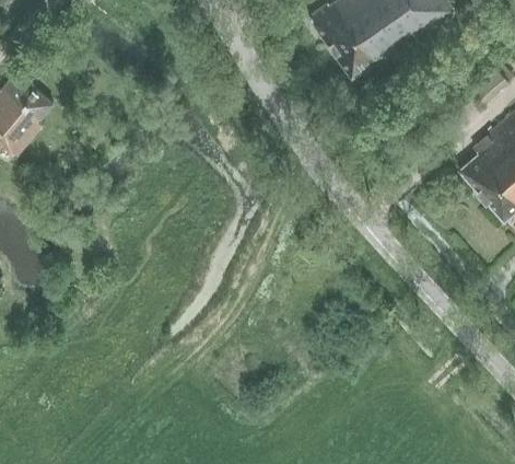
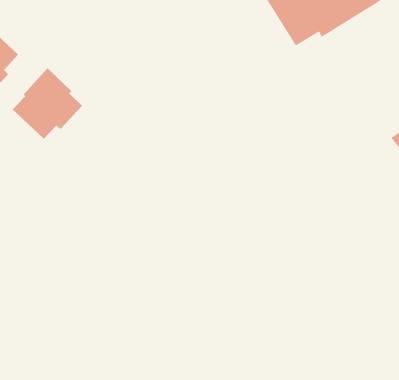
building: none -> [12,68,83,139]

